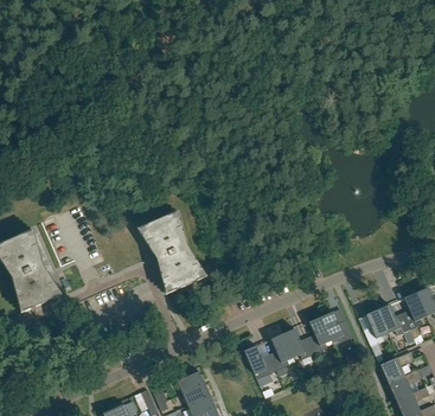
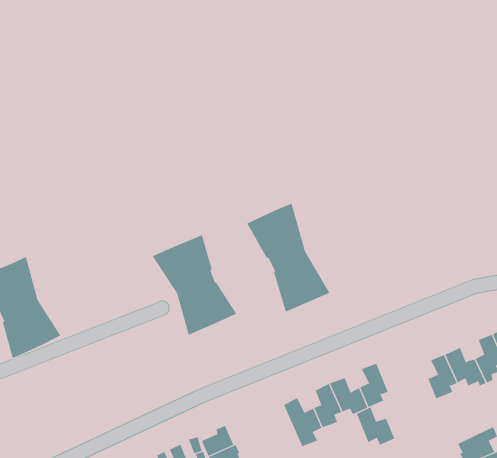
building: none -> [246,203,330,312]
building: [322,311,354,343] -> [356,407,395,446]
building: [380,351,415,383] -> none

